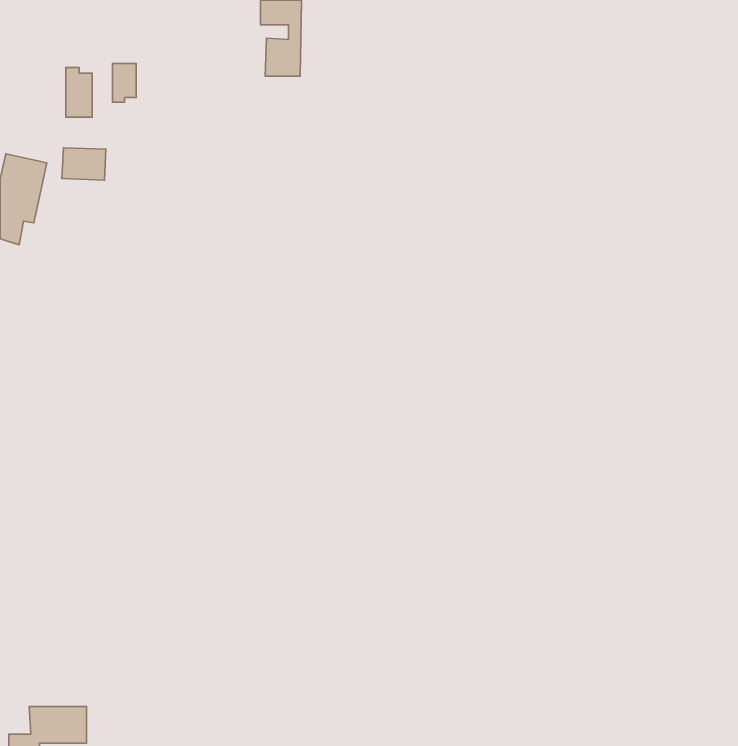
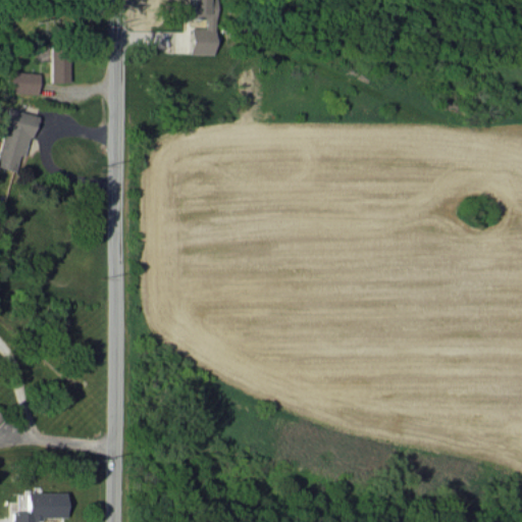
building: [113,64,136,102] -> none
building: [62,148,106,180] -> [11,72,42,95]

